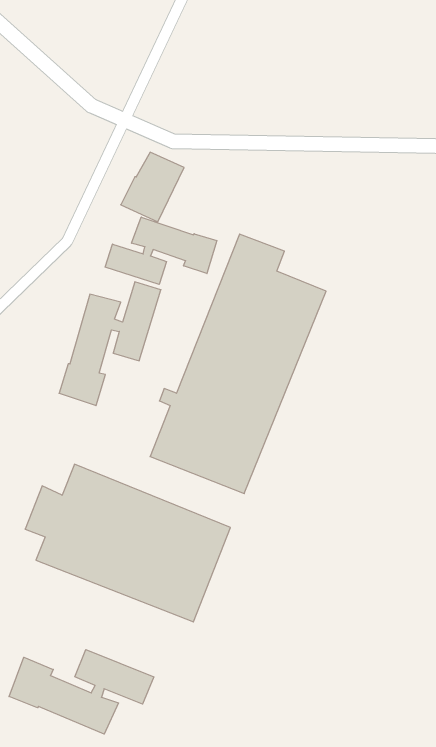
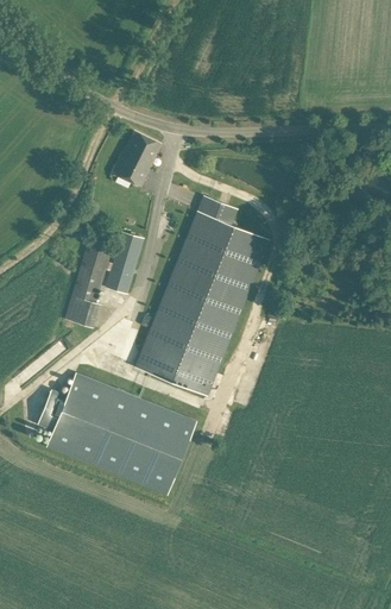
building: [105,217,217,284] -> none
building: [9,650,154,734] -> none

